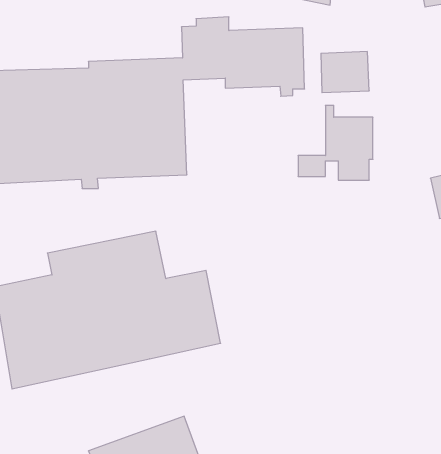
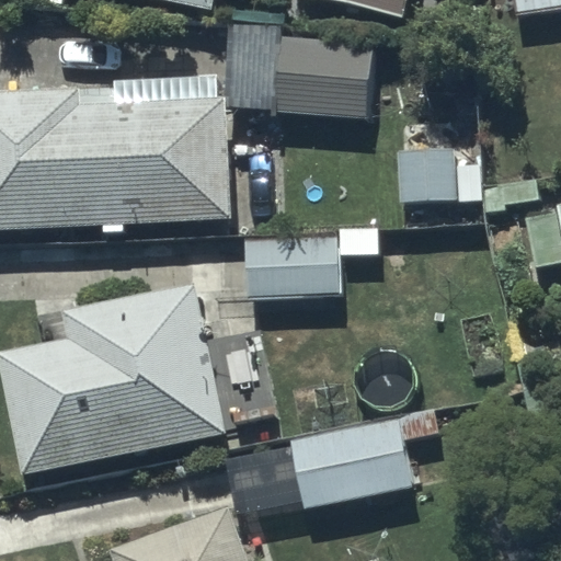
building: none -> [245,229,379,298]
building: none -> [290,420,424,510]

